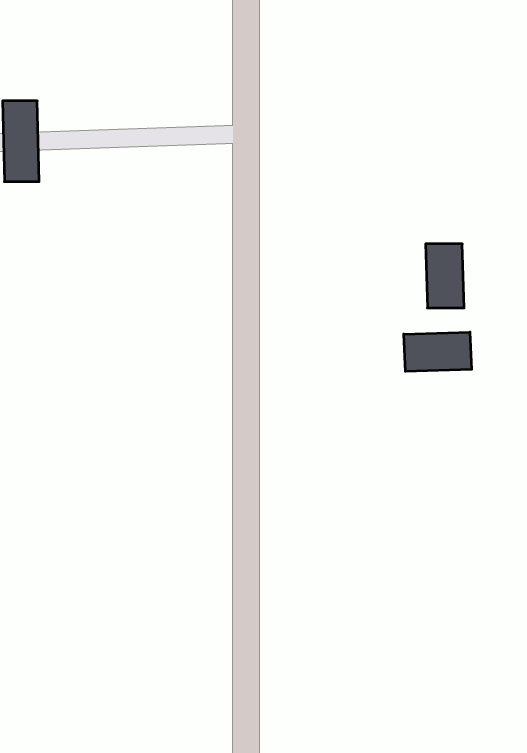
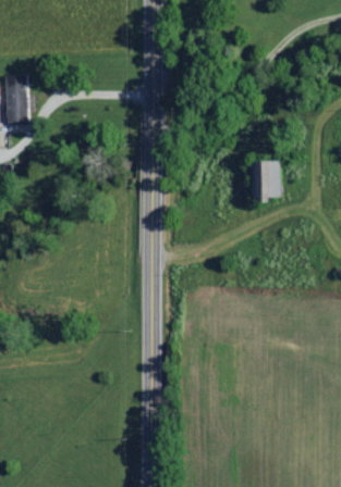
building: [404,332,472,371] -> none

